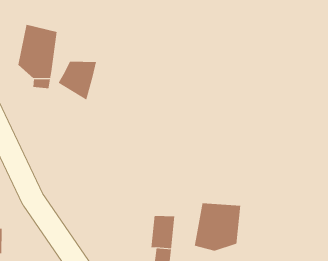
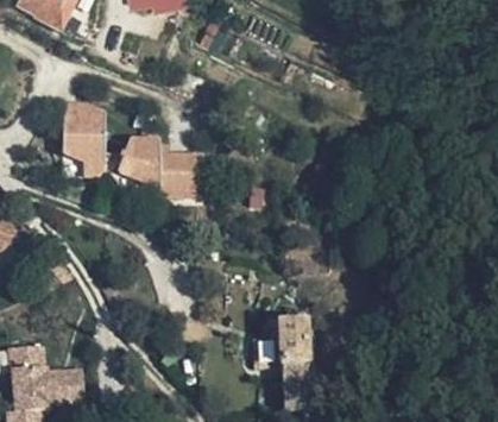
building: none -> [158,155,208,207]
building: [194,202,241,252] -> none

